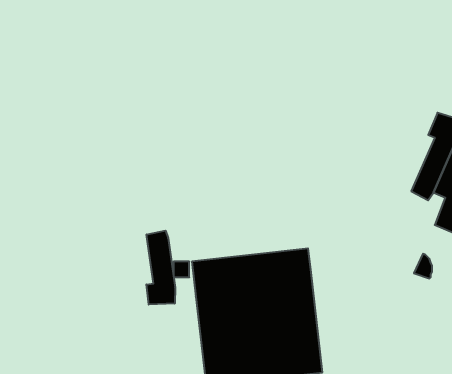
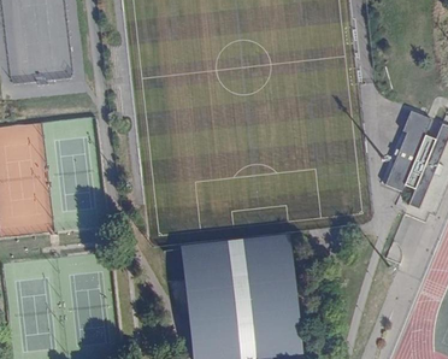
building: [146,231,175,305] -> none

